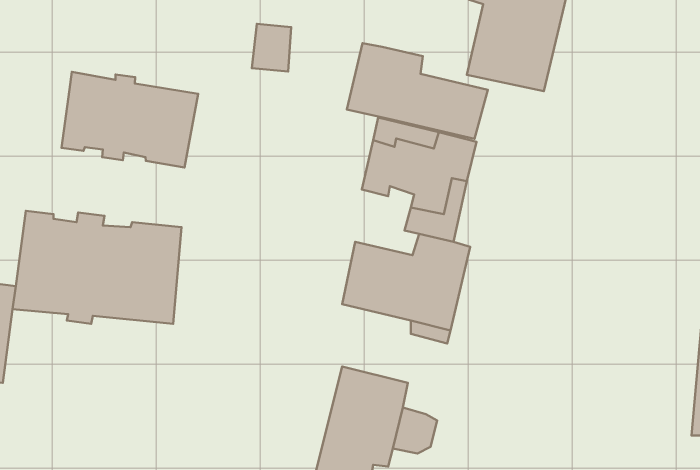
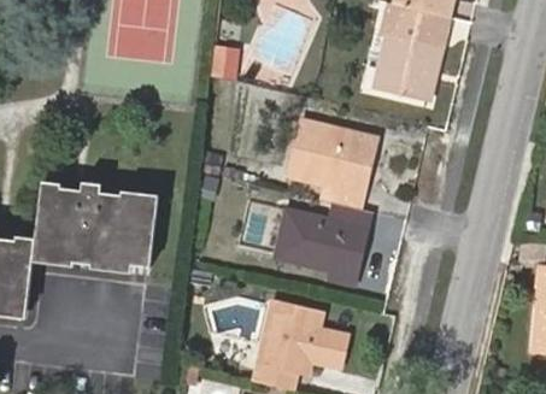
building: [347,43,488,139] -> none
building: [62,72,198,167] -> none

